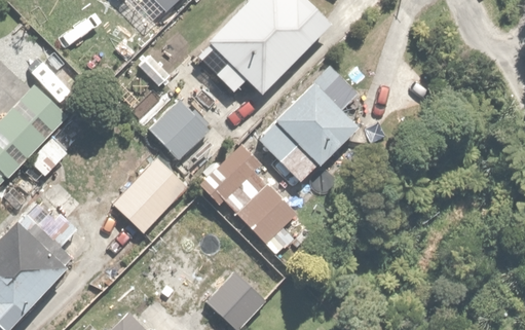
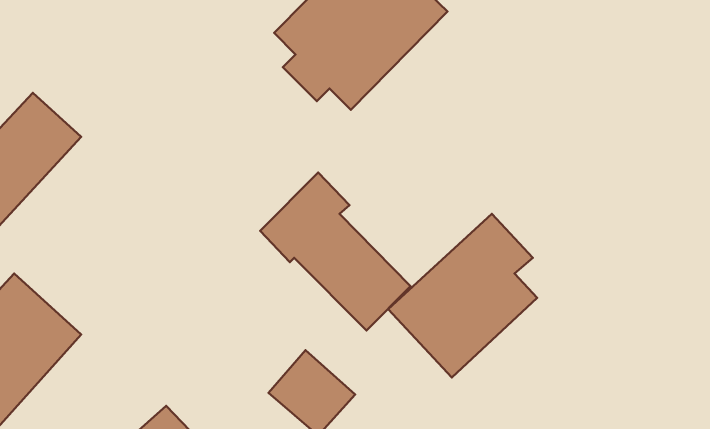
building: [255,68,363,186] -> [388,214,537,377]
building: [149,101,214,166] -> none
building: [112,156,190,235] -> none

